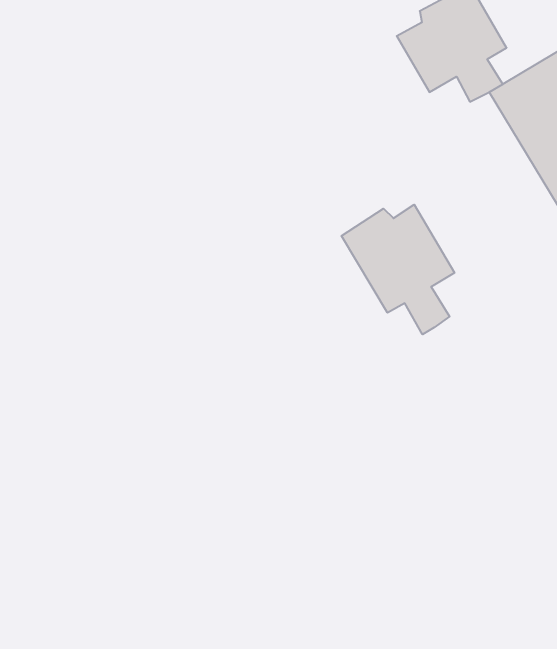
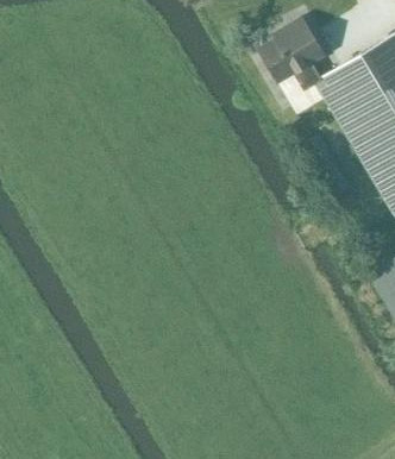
building: [342,205,454,334] -> none

